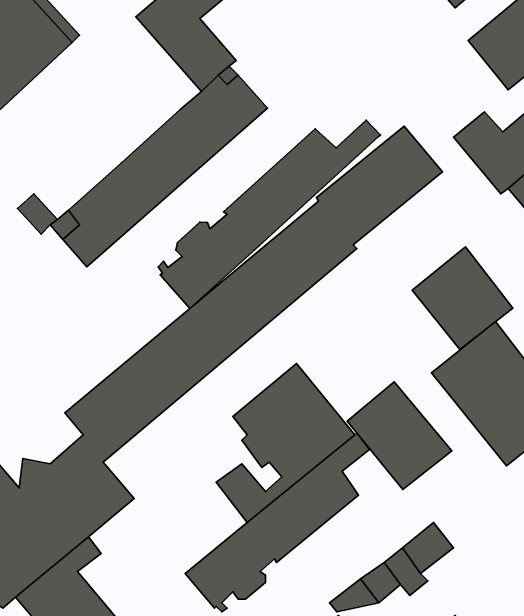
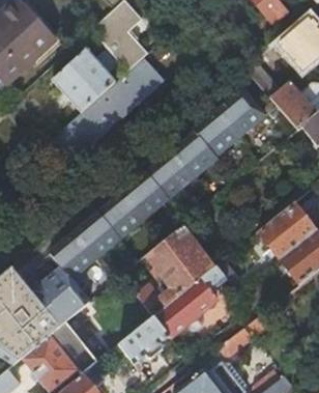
building: none -> [53,48,115,111]
building: [158,120,380,308] -> none
building: [412,247,513,349] -> none
building: [347,382,452,489] -> none

